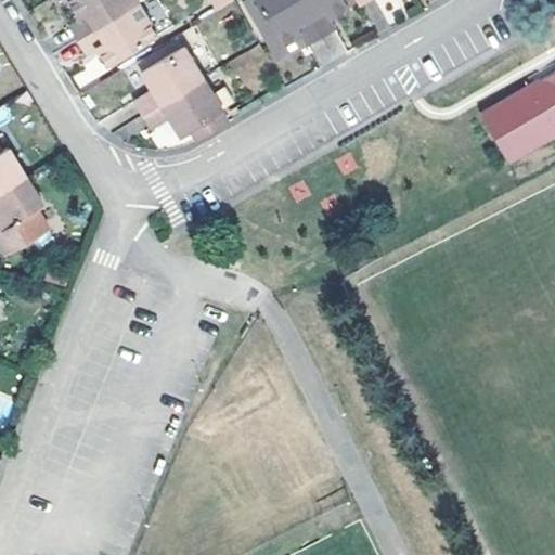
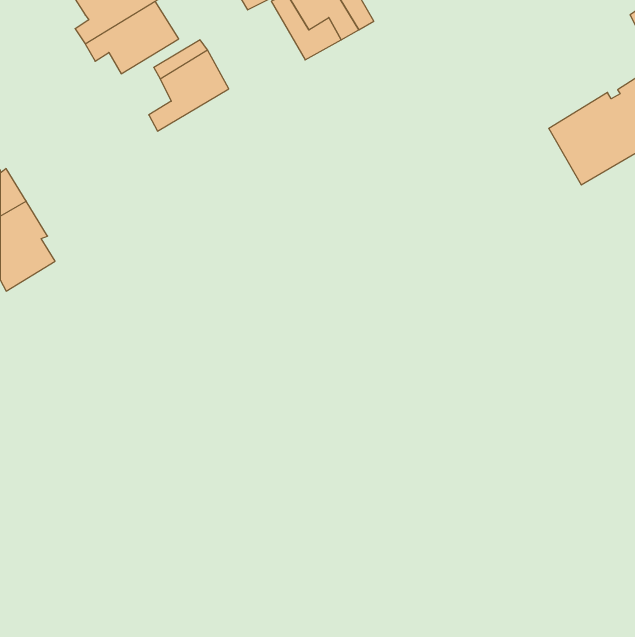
building: [140,77,230,143] -> none

